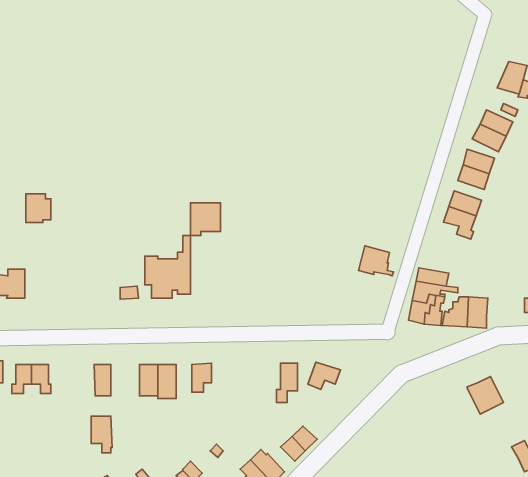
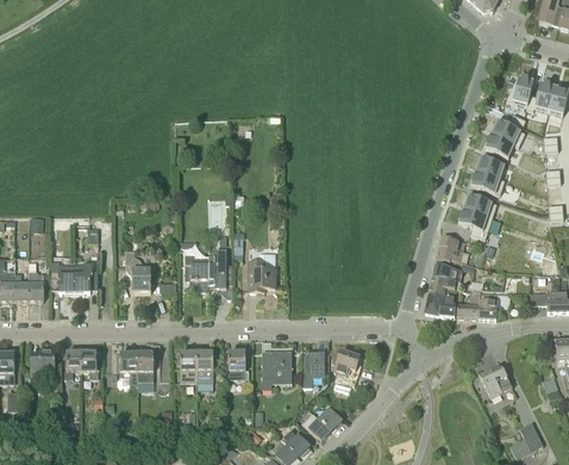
building: [26,194,51,222] -> [75,265,98,291]
building: [191,203,221,235] -> [248,261,275,291]
building: [358,246,394,276] -> [436,235,468,262]
building: none -> [125,250,151,291]
building: none -> [262,339,292,390]
building: [91,416,112,453] -> [120,352,139,385]

